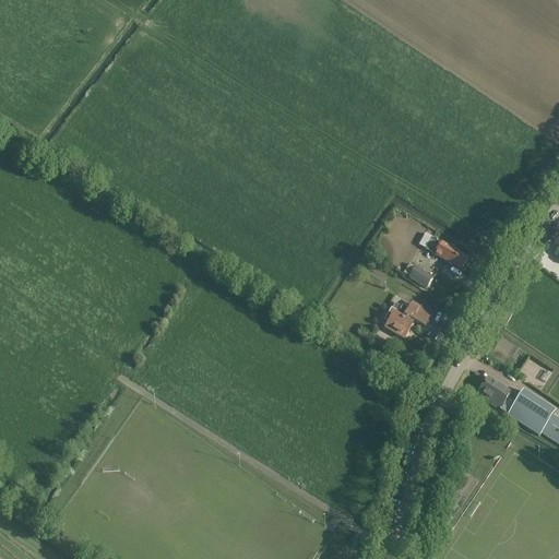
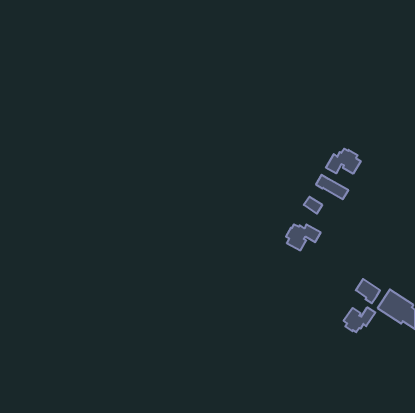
building: none -> [326,149,361,174]
building: none -> [344,307,375,332]

